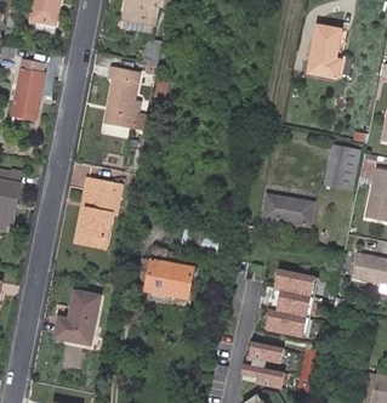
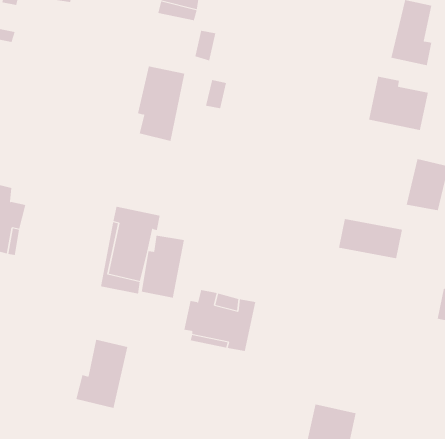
building: [16,68,47,117] -> none
building: none -> [369,76,428,131]
building: none -> [141,235,184,298]
building: [266,268,318,337] -> none

